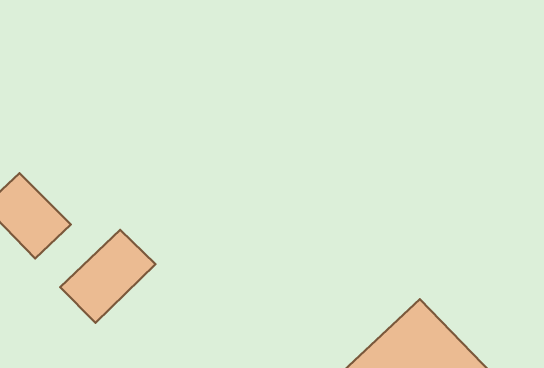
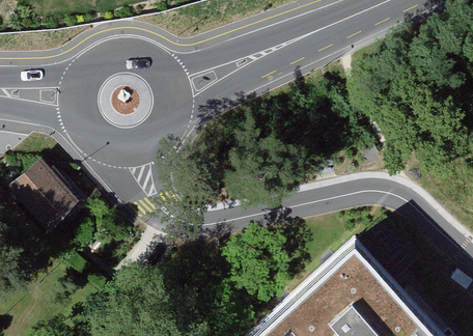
building: [60,230,156,323] -> none

